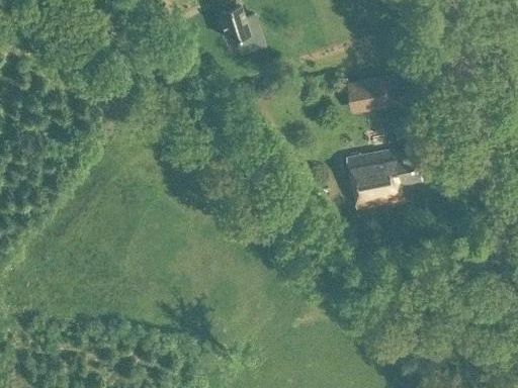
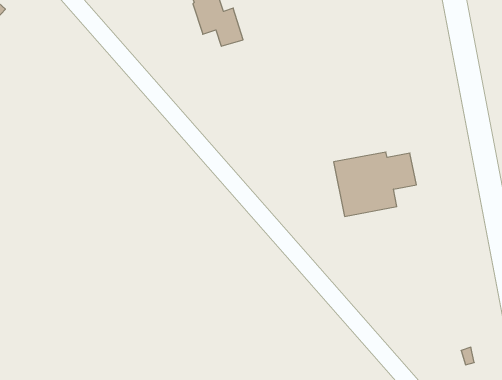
building: [347,78,393,109] -> none

